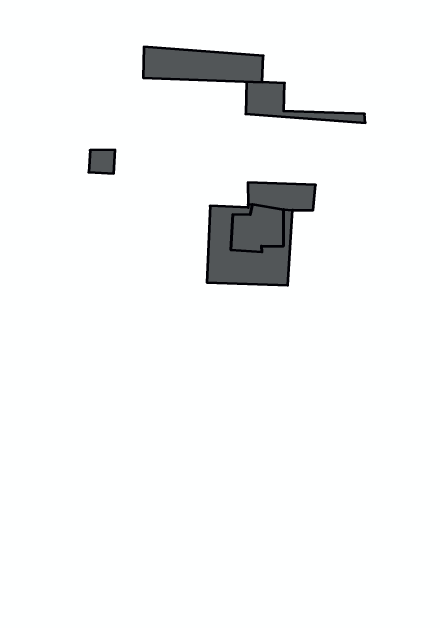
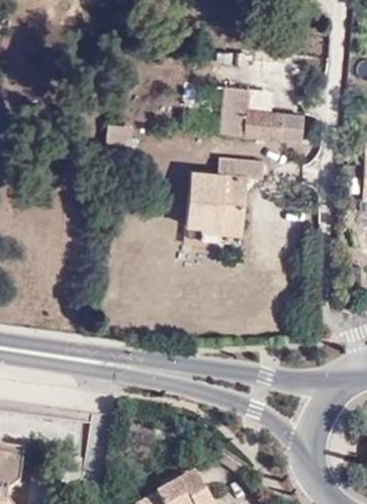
building: [143,47,263,82] -> [219,110,303,140]

